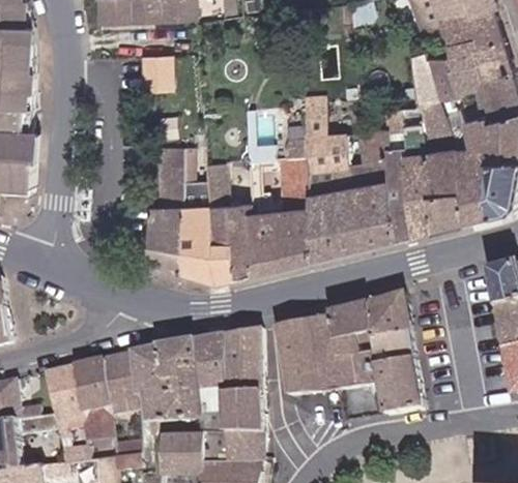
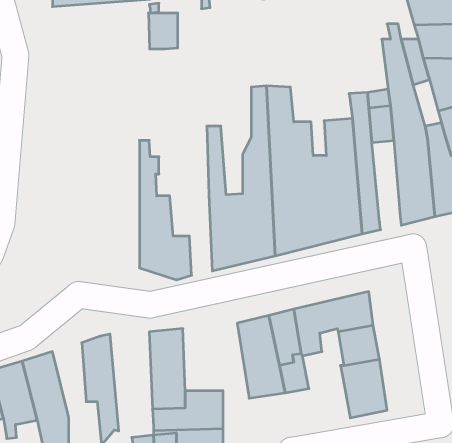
building: [142,57,170,91] -> [148,13,178,49]
building: [148,153,183,274] -> none
building: [405,153,432,231] -> none
building: [208,169,253,281] -> none
building: [225,329,263,391] -> none
building: [339,332,378,389] -> none
building: [155,335,197,429] -> none
building: [100,345,135,417] -> none

